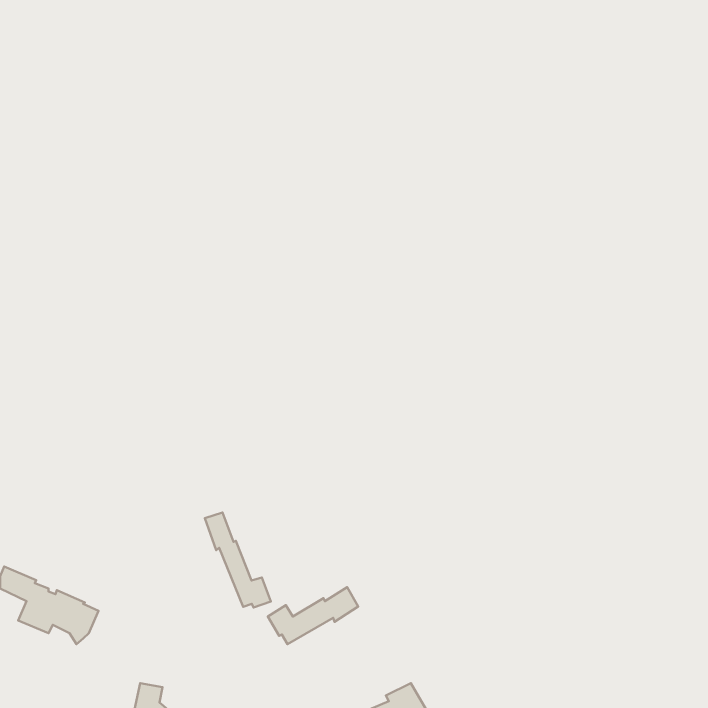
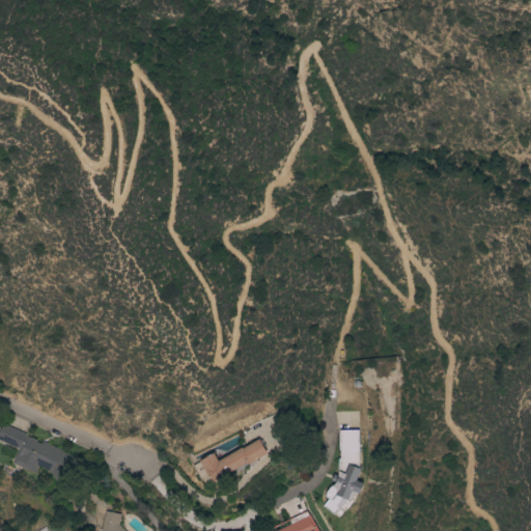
building: [205,512,271,607] -> none
building: none -> [325,431,365,515]

